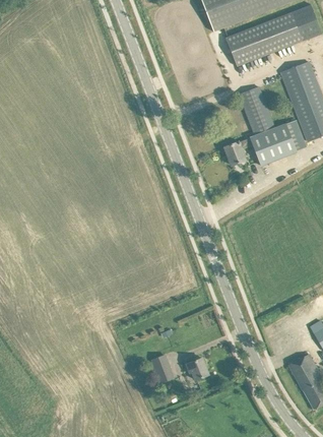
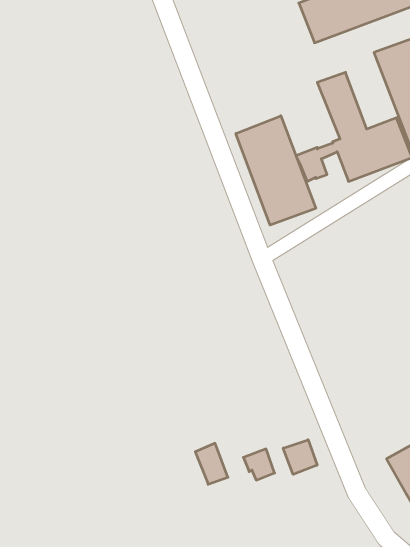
building: none -> [236,116,316,225]
building: none -> [283,440,317,474]

